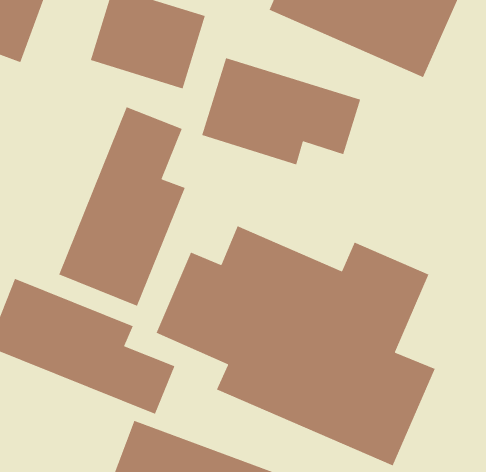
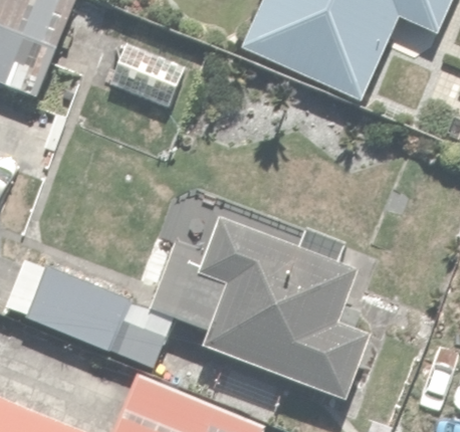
building: [201,57,361,166] -> none
building: [58,106,186,307] -> none

